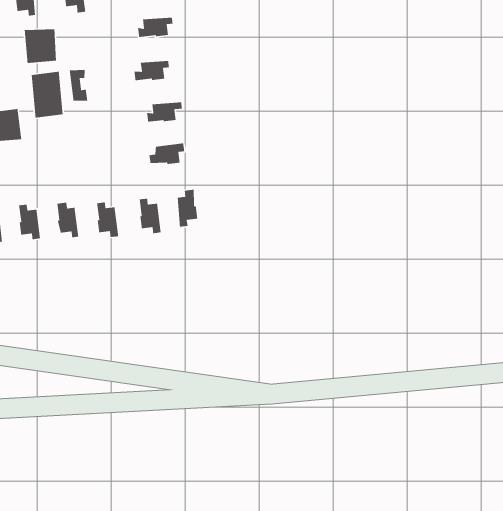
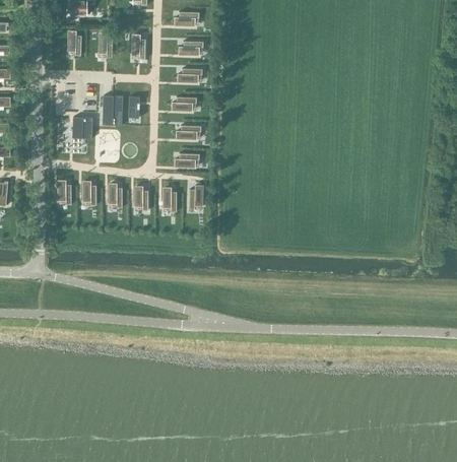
building: [24,28,57,64] -> none

